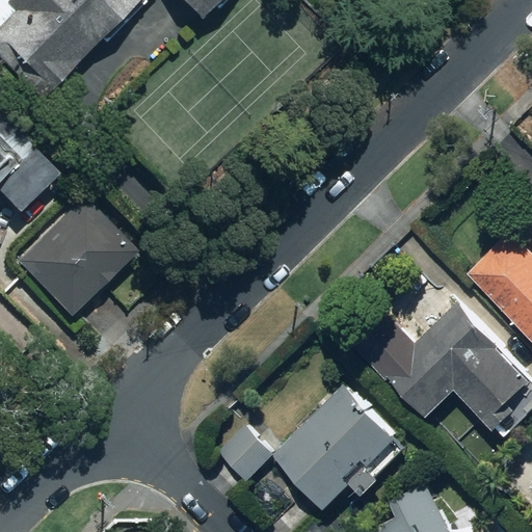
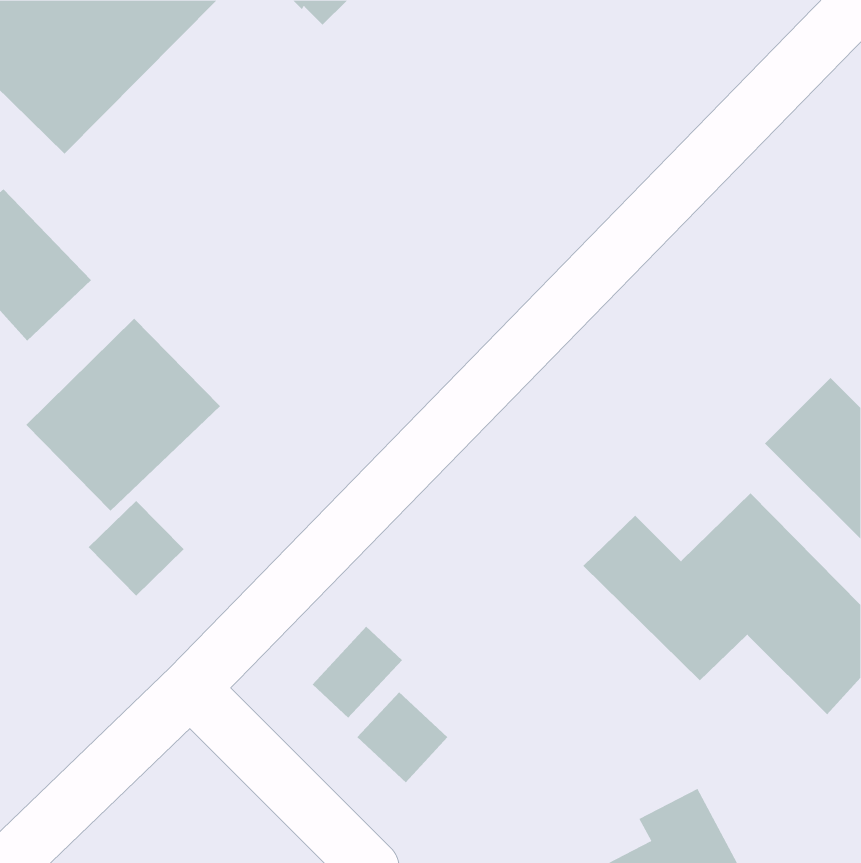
building: none -> [88,500,185,596]
building: none -> [312,626,403,719]
building: [278,387,397,506] -> none

